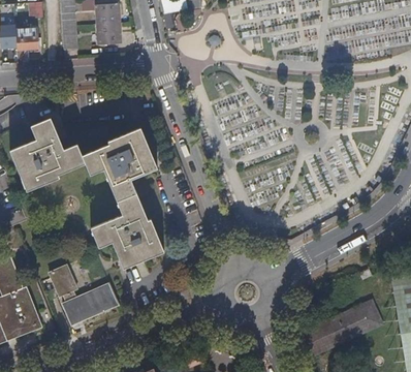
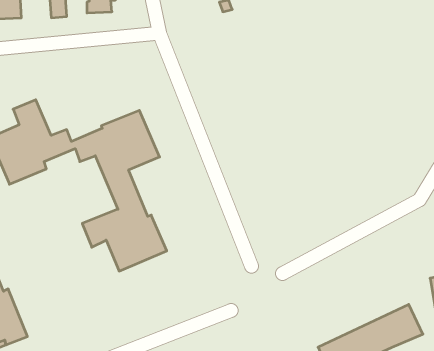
building: [49,264,118,323] -> none

